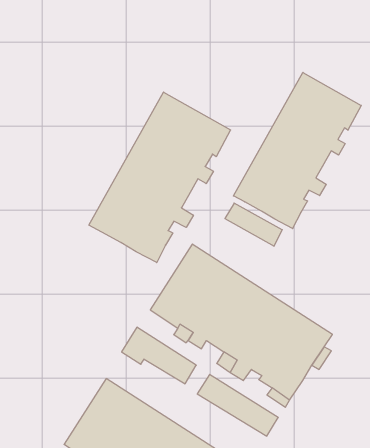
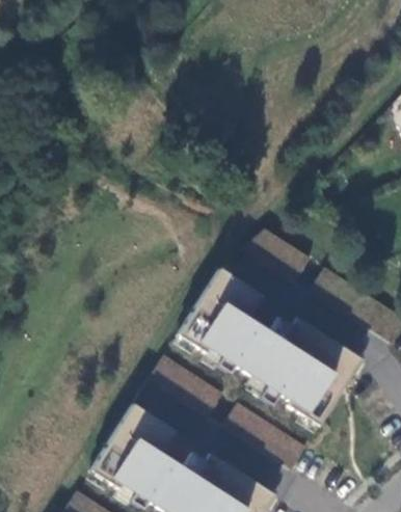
building: [233,72,361,229] -> none
building: [89,92,231,263] -> none

